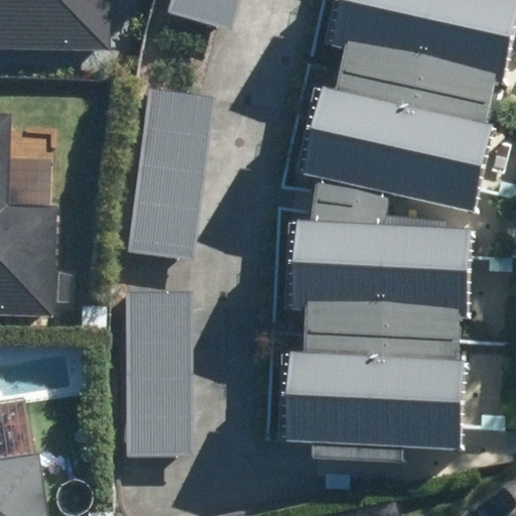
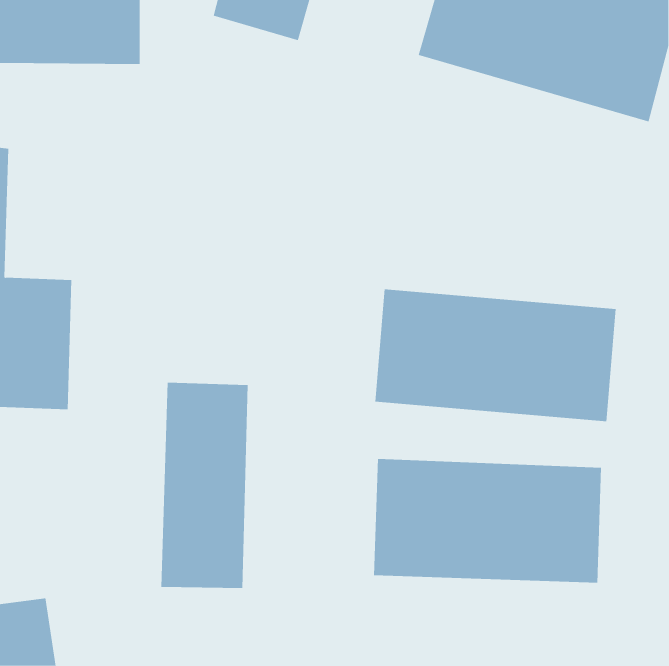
building: [124,77,221,260] -> none
building: [294,84,490,215] -> none

